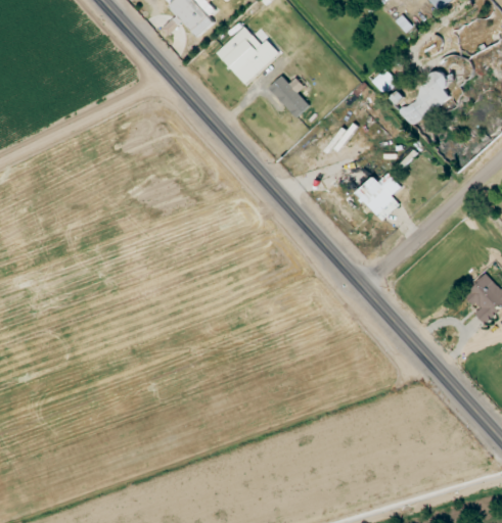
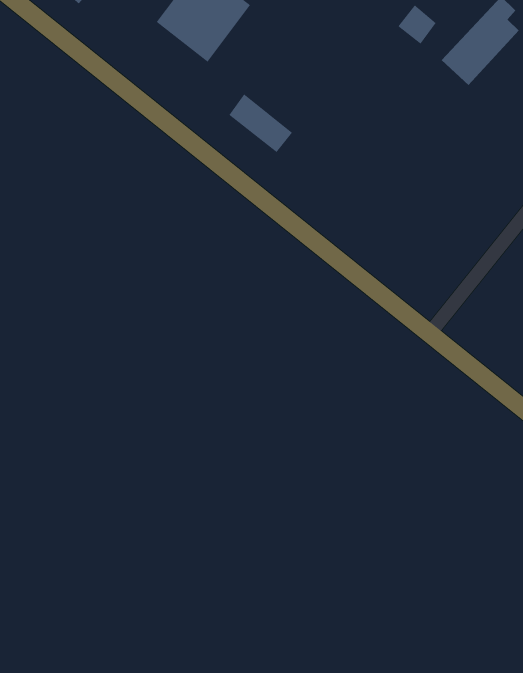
building: [269,75,309,116] -> [228,93,293,153]
building: [356,172,401,221] -> none

